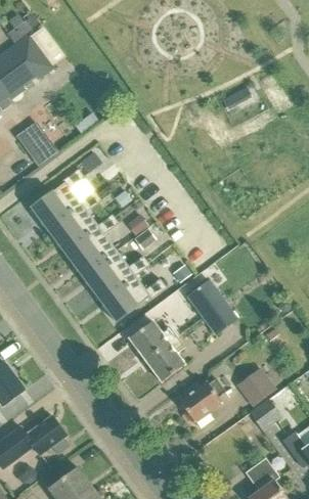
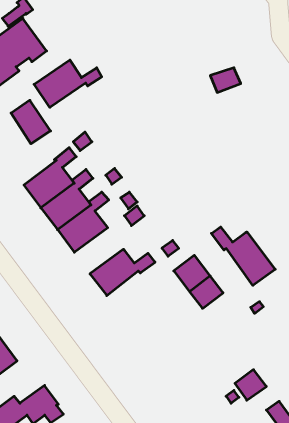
building: none -> [34,60,102,107]
building: none -> [211,227,275,285]
building: [83,252,149,300] -> none
building: [129,321,185,382] -> none
building: [236,367,277,407] -> none
building: [179,379,225,428] -> none

